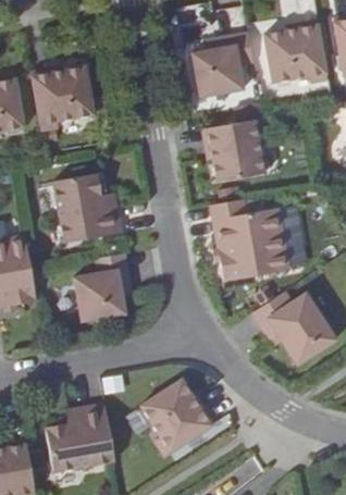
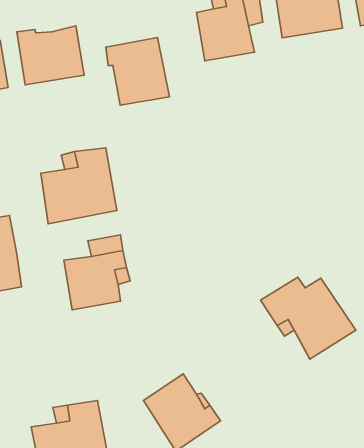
building: [208,121,265,182] -> [106,38,170,105]
building: [210,199,291,281] -> none

